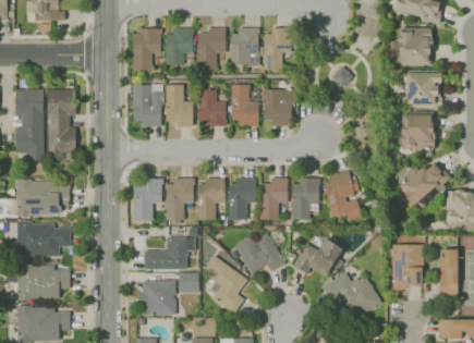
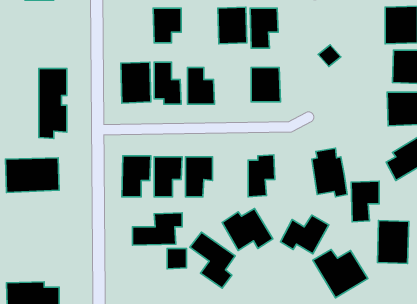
building: [197,28,224,69] -> none
building: [132,29,161,70] -> none
building: [231,84,258,125] -> none
building: [15,89,44,160] -> none
building: [291,179,319,220] -> [351,181,379,222]
building: [229,180,256,220] -> none
building: [17,222,71,256] -> none
building: [16,264,70,299] -> none
building: [141,280,175,316] -> none

